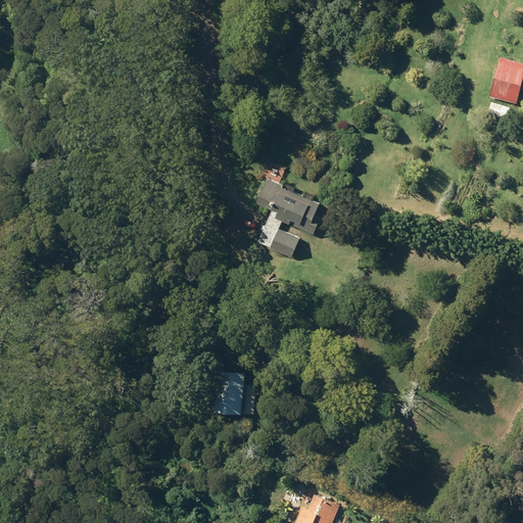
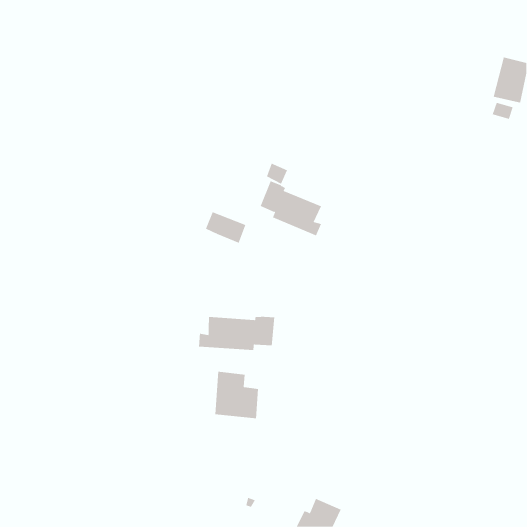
building: [259,225,300,256] -> [205,211,246,243]
building: none -> [199,316,275,351]

